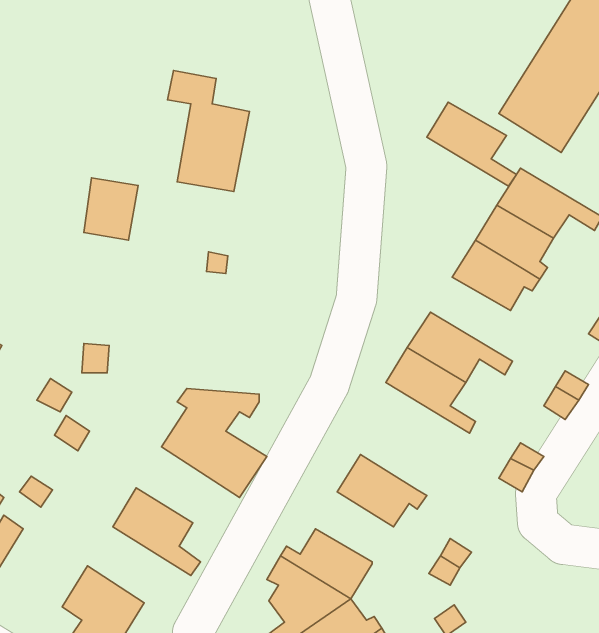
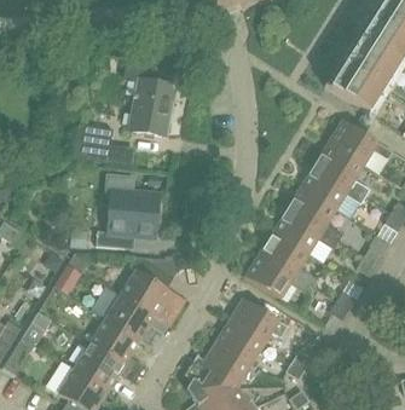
building: [427,102,516,186] -> [287,187,342,239]
building: none -> [96,173,158,248]
building: none -> [245,253,311,298]
building: none -> [104,293,168,340]
building: none -> [215,321,264,369]
building: none -> [74,342,138,389]

